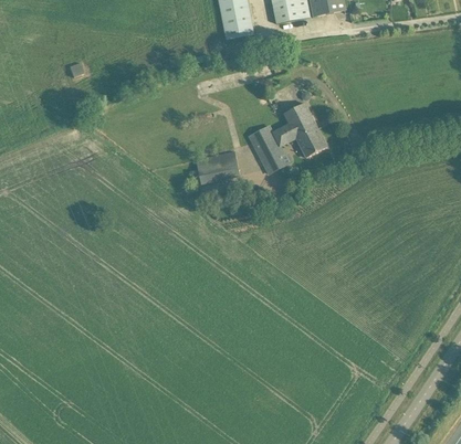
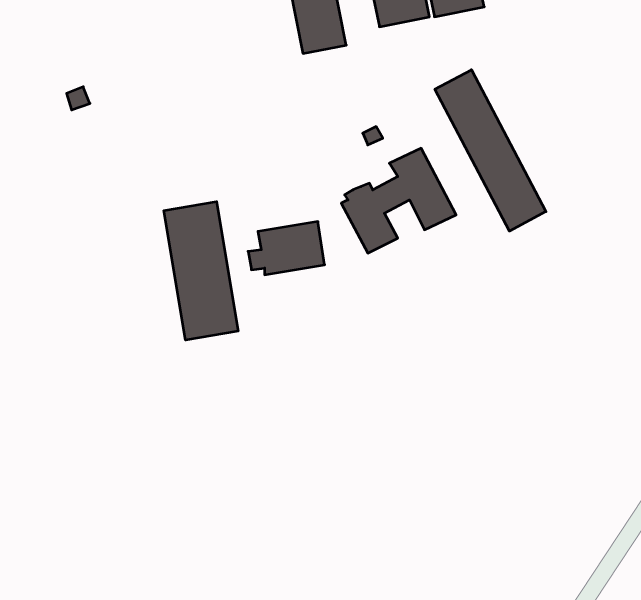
building: none -> [435,70,546,231]
building: none -> [164,202,238,340]

